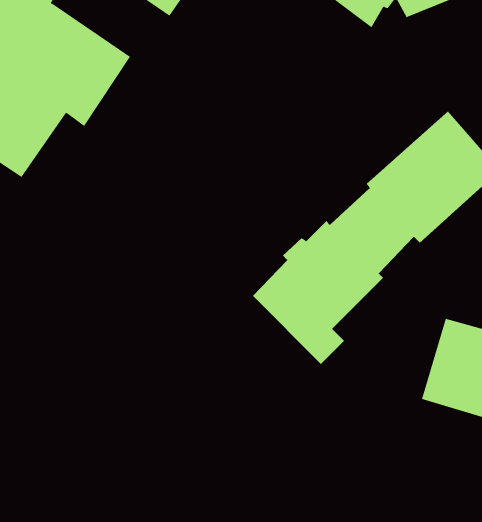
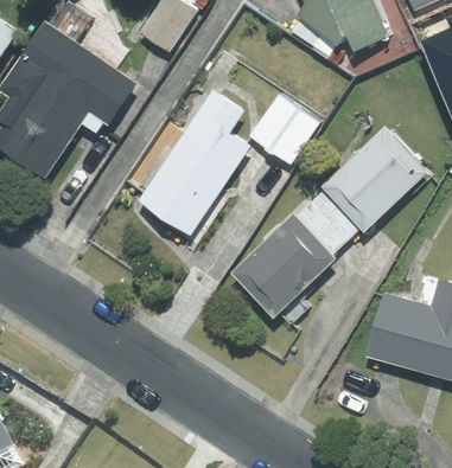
building: none -> [139,94,250,236]
building: none -> [250,96,317,164]

